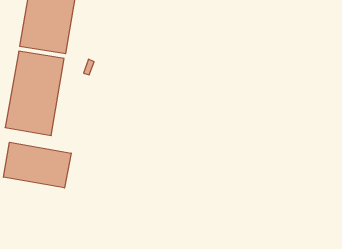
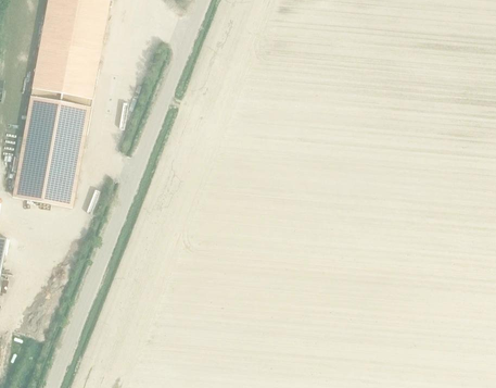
building: [4,142,71,188] -> none

